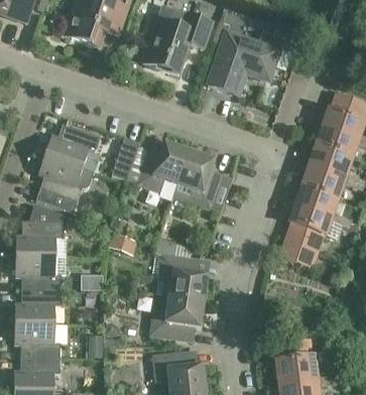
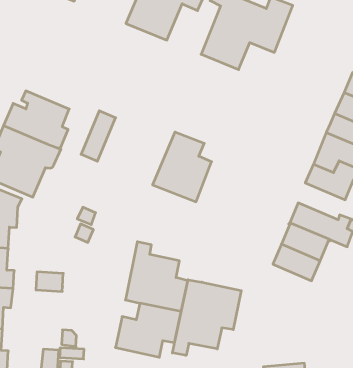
building: [137,142,190,196] -> none
building: [296,187,336,217] -> none
building: none -> [172,280,241,355]

